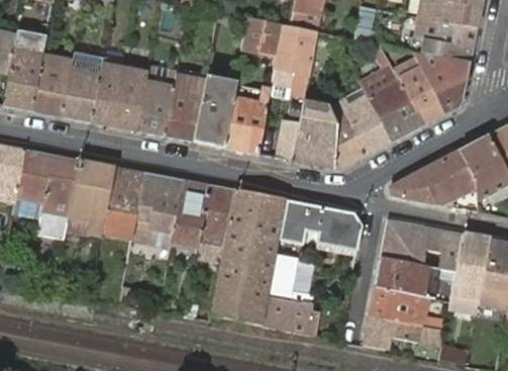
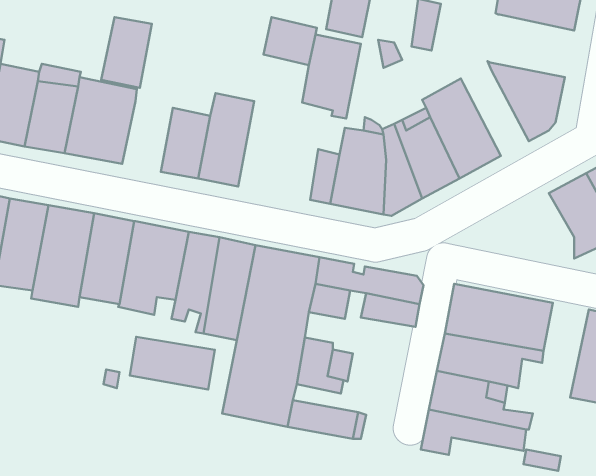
building: [414,15,478,63] -> none
building: [394,58,443,122] -> none
building: [135,81,174,134] -> [101,17,152,88]
building: [223,81,271,152] -> none
building: [391,151,478,206] -> none
building: [448,234,489,312] -> none
building: none -> [130,337,215,390]

